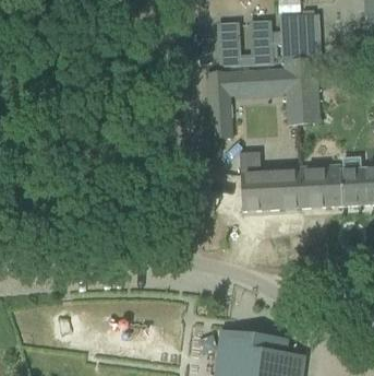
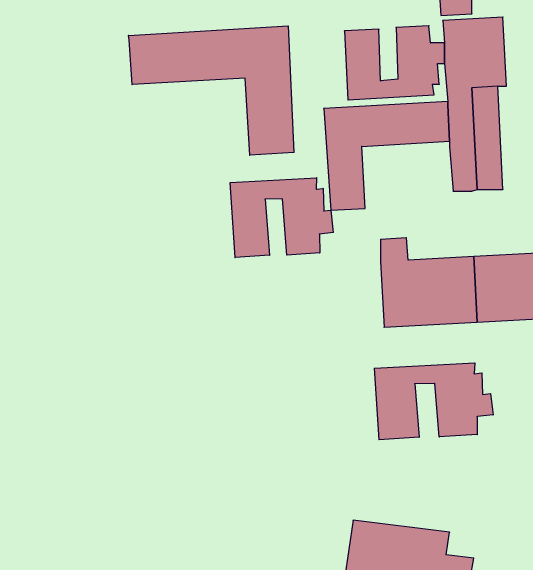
building: none -> [129,26,294,155]
building: none -> [230,178,333,258]
building: none -> [374,363,493,440]

